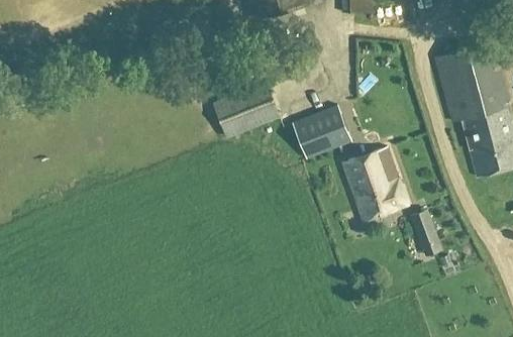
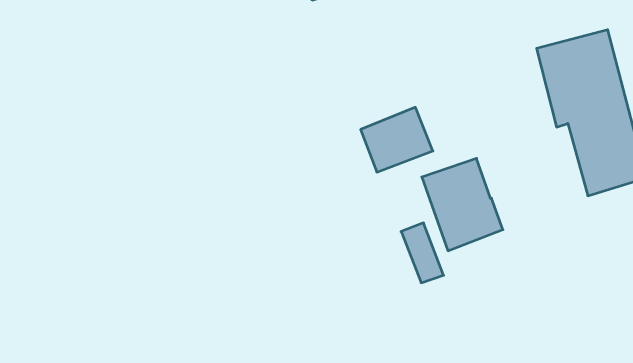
building: [212,84,279,137] -> none
building: [408,209,442,257] -> [401,223,444,283]

